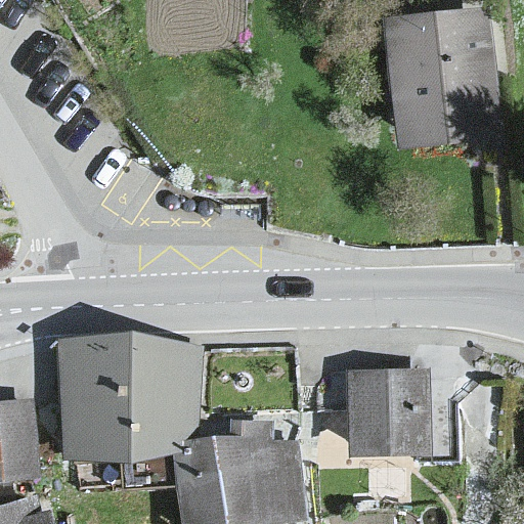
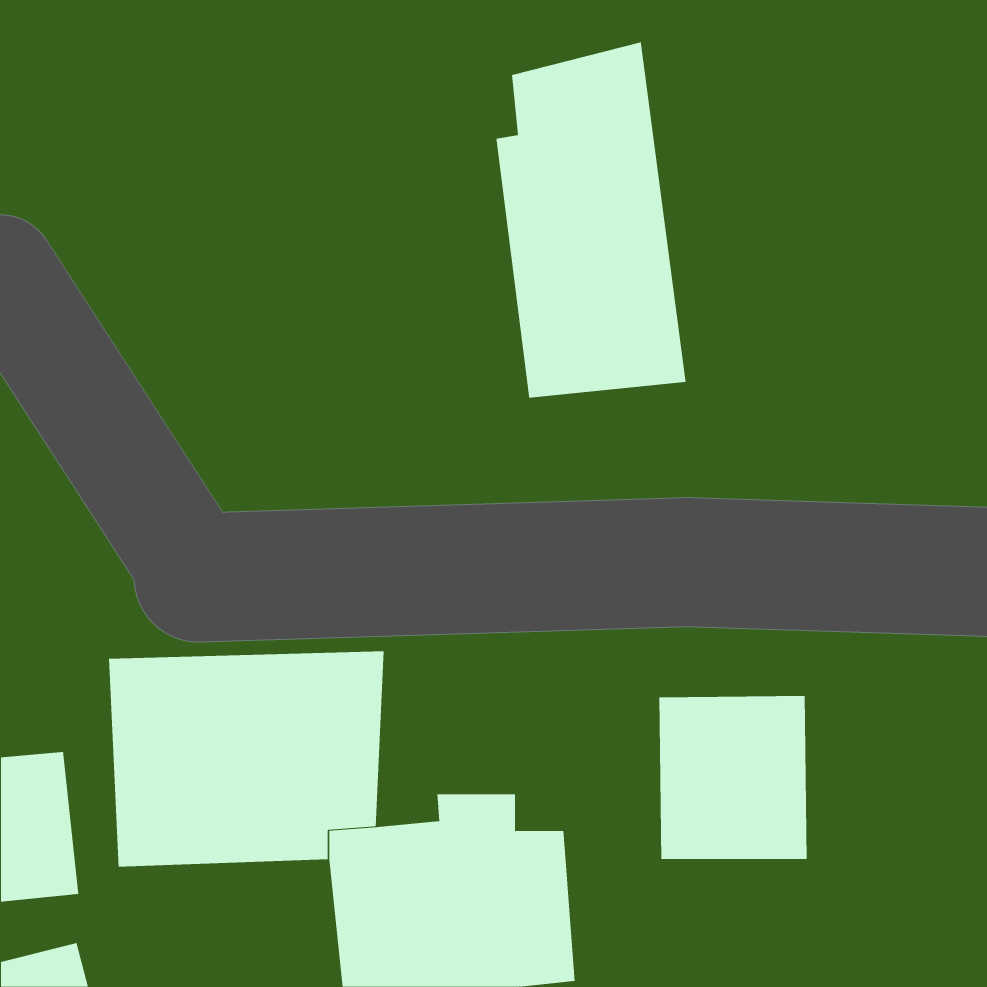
building: [383,9,505,146] -> none
building: none -> [496,41,686,398]

